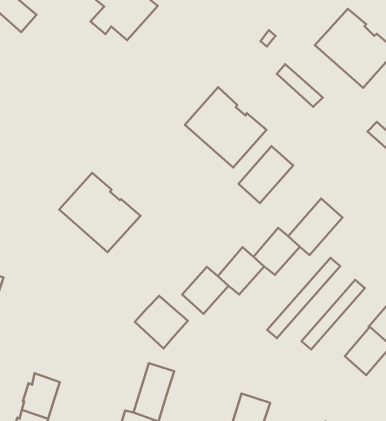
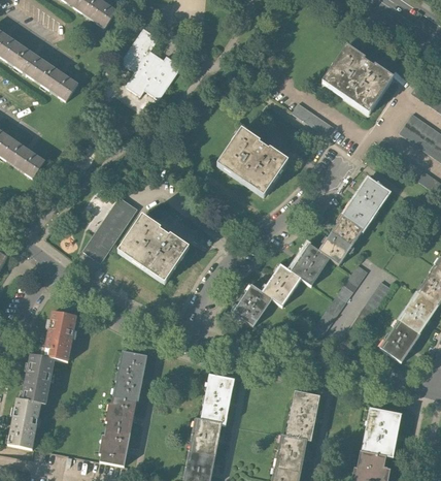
building: [238,146,293,203] -> [343,177,388,227]
building: none -> [82,194,137,261]
building: [135,296,188,348] -> none
building: none -> [113,351,146,399]

